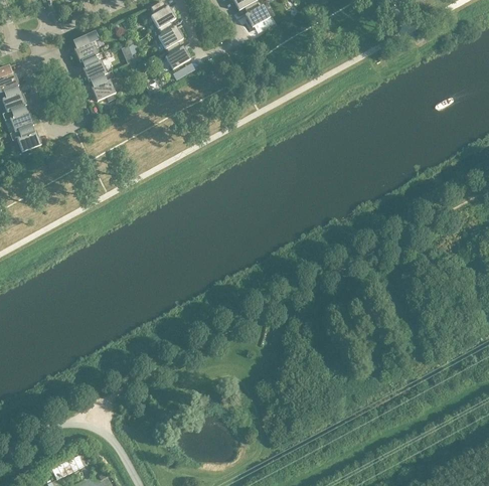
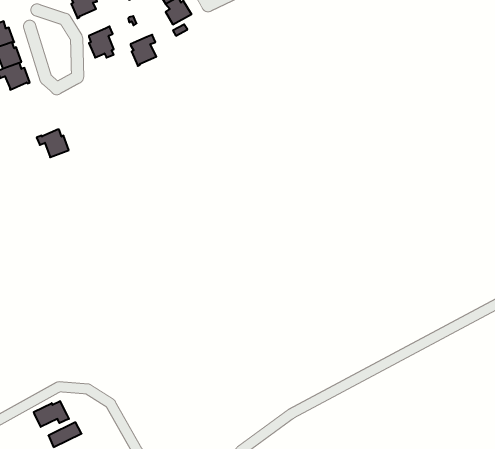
building: [82,50,107,80] -> [131,35,156,66]
building: [9,124,40,151] -> [37,129,69,157]
building: none -> [34,401,69,427]

